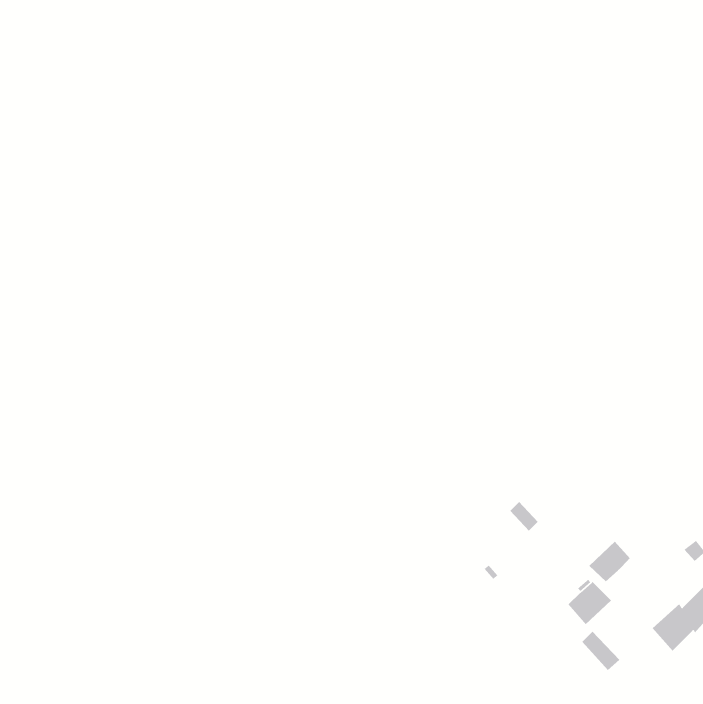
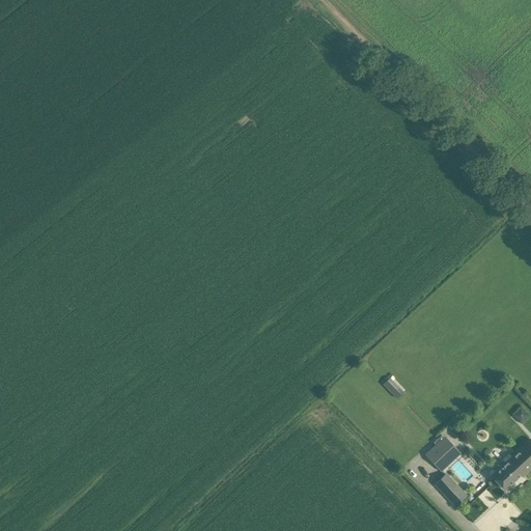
building: [589,541,631,582] -> none

